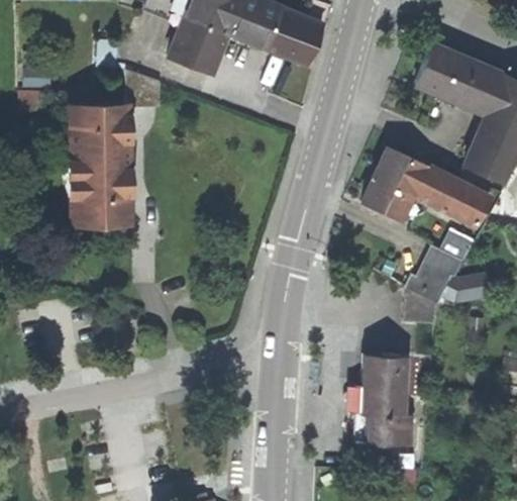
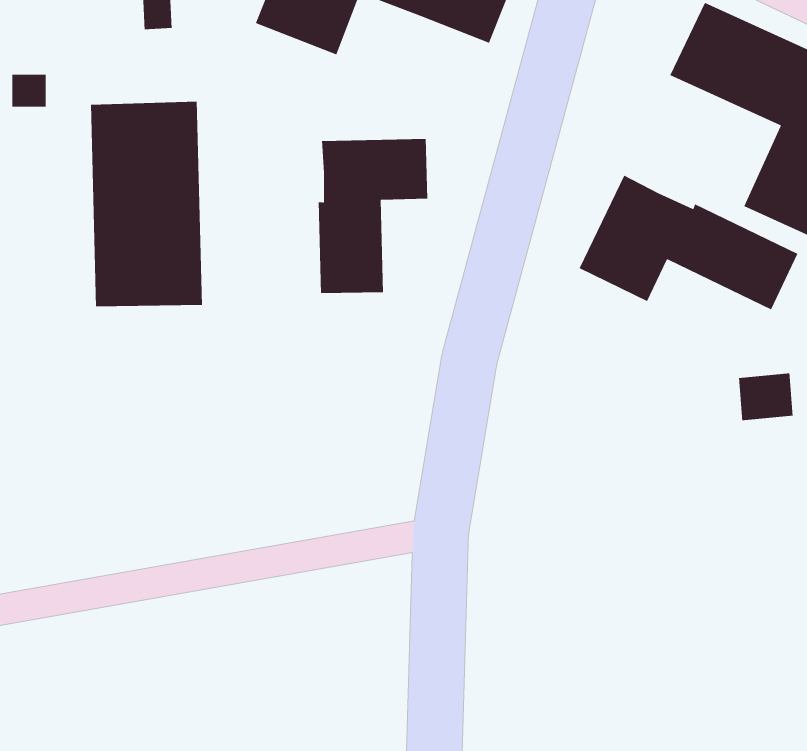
building: none -> [318,138,428,294]
building: [402,238,457,321] -> none
building: [361,355,415,446] -> none

